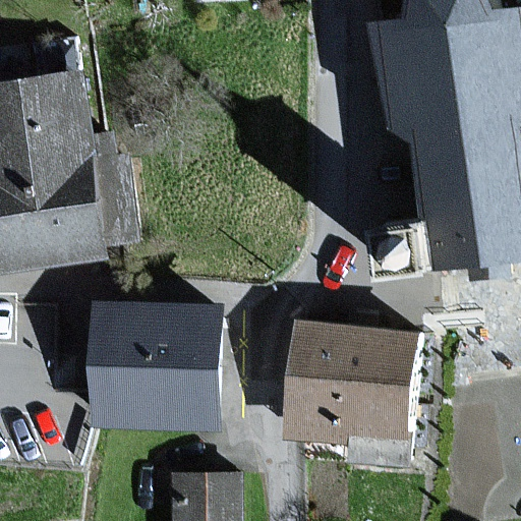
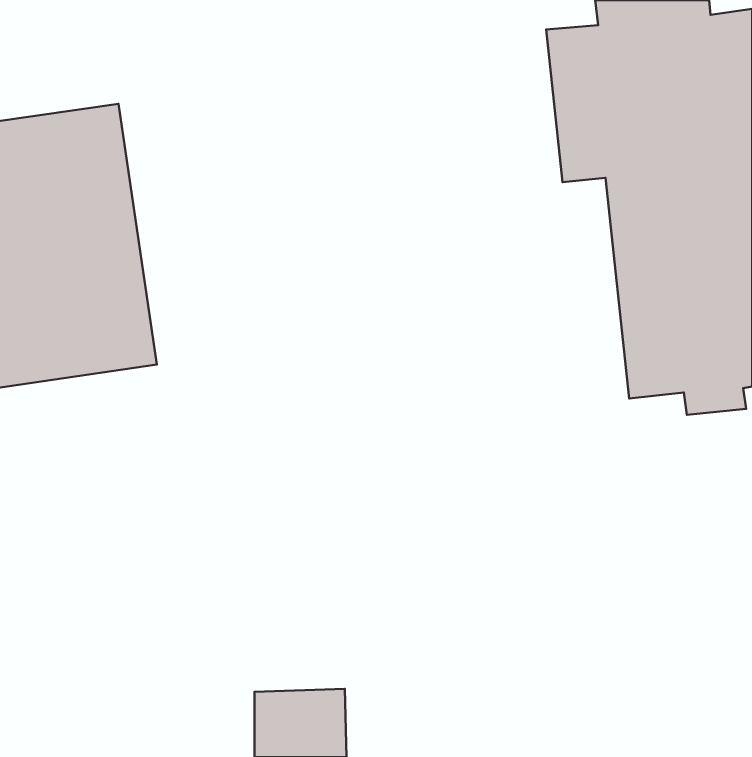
building: [99,302,224,423] -> none
building: [291,321,418,437] -> none

